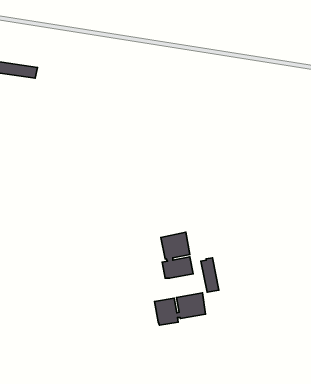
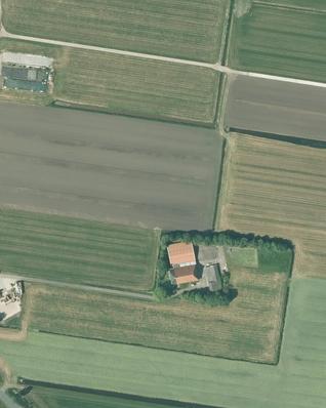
building: [154,293,205,325] -> none

